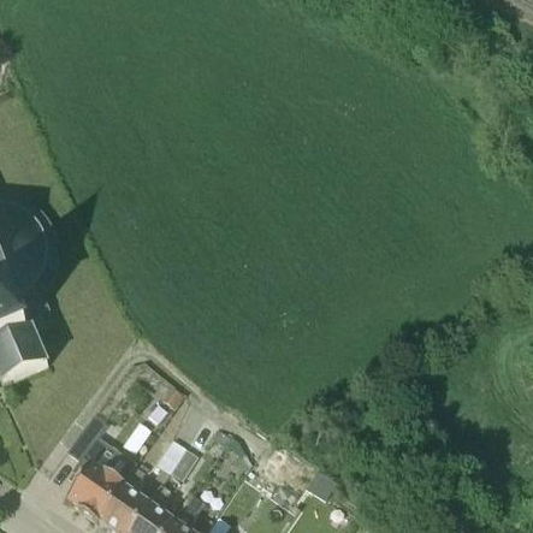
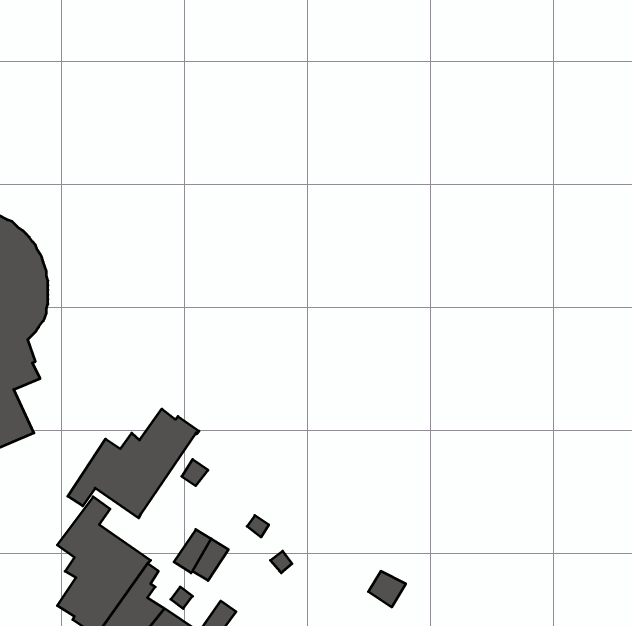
building: none -> [68,409,199,518]

